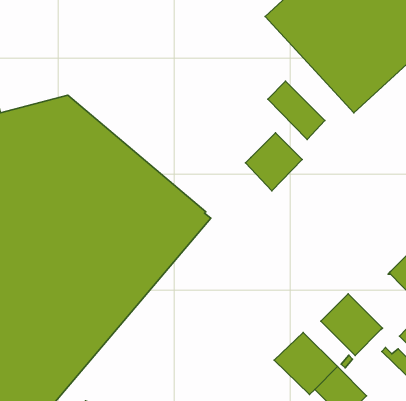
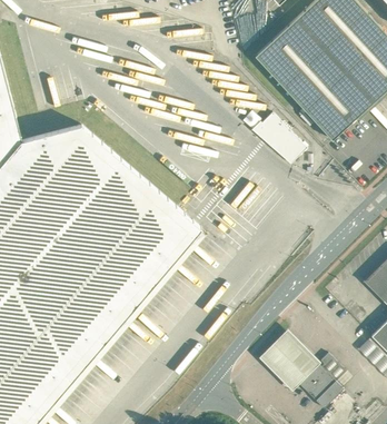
building: [245,133,302,191] -> none
building: [321,294,382,355] -> none

